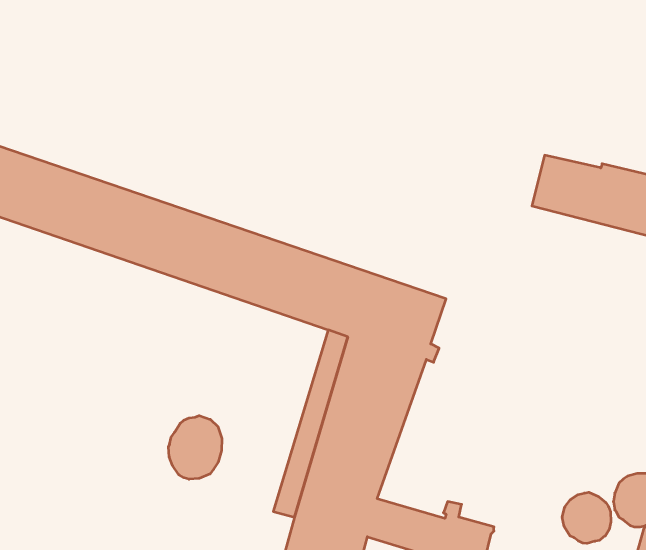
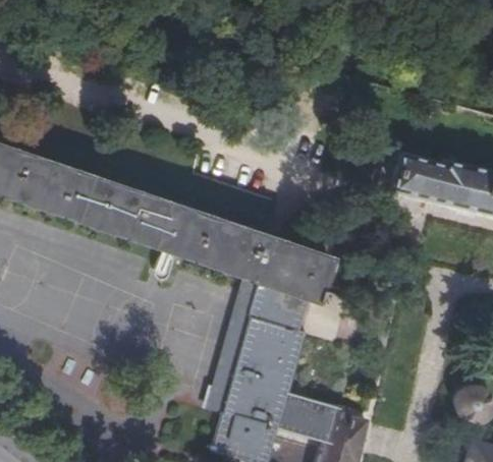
building: [169,416,222,479] -> none
building: [562,492,611,543] -> none

